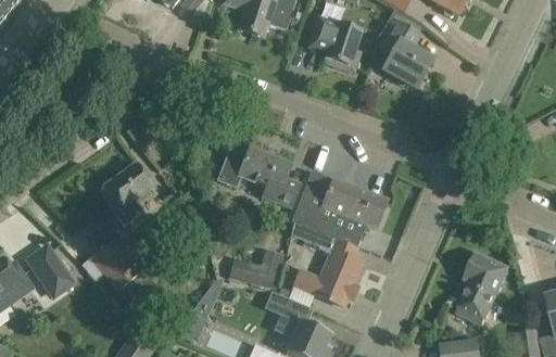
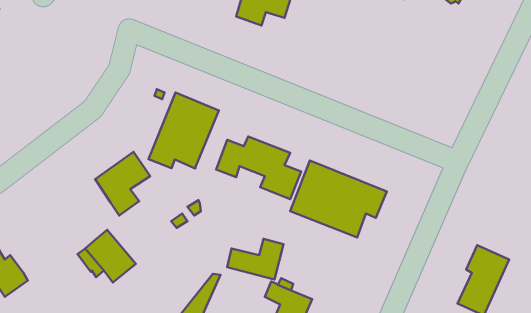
building: [307,16,362,73] -> none
building: [380,20,432,88] -> none
building: none -> [148,93,219,168]
building: [290,220,361,305] -> none
building: [28,246,72,295] -> none

